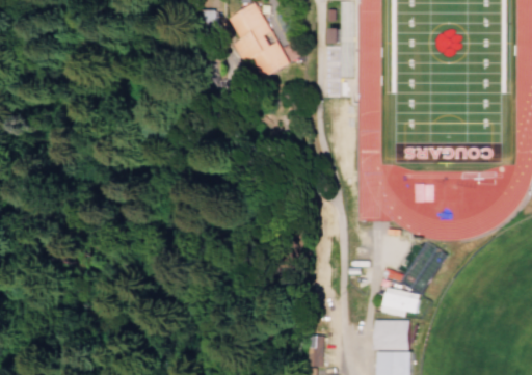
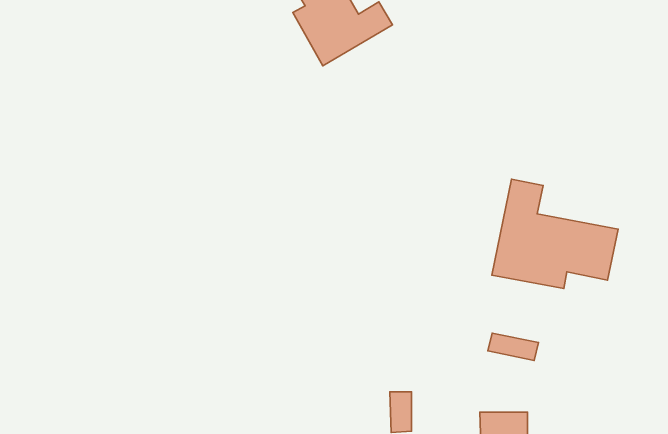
building: none -> [492,179,618,289]
building: [373,319,409,348] -> none

